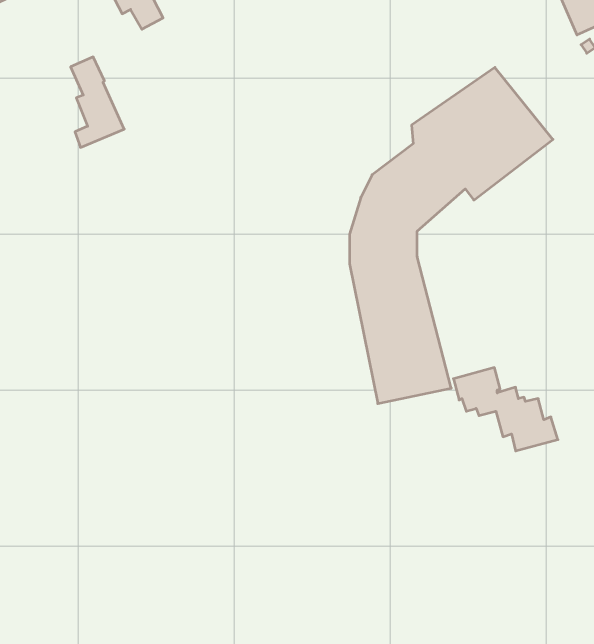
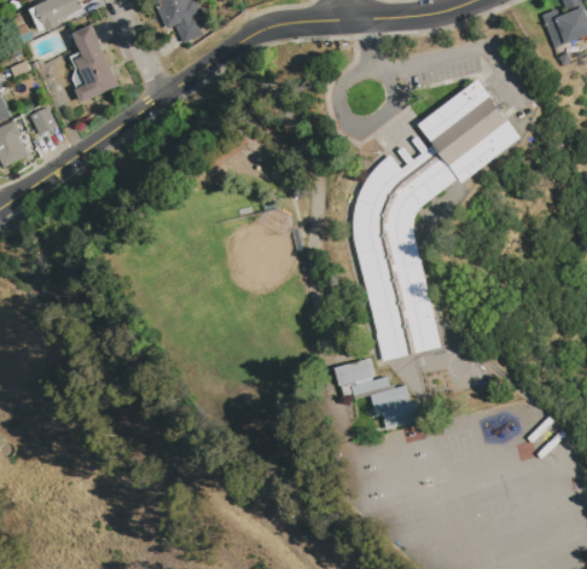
building: [71,57,124,147] -> [70,24,116,101]
building: [453,368,558,451] -> [331,358,420,429]

